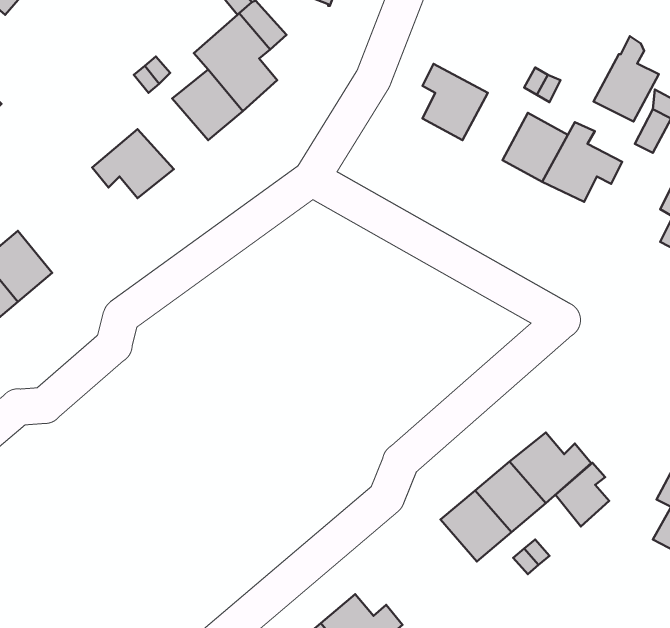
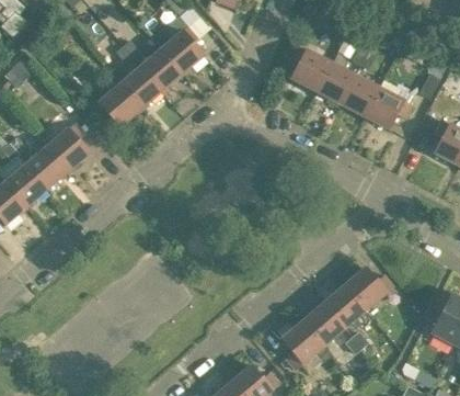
building: [593,36,659,121] -> [315,52,355,103]
building: none -> [112,66,162,109]
building: none -> [47,122,89,171]
building: [556,463,609,527] -> none
building: none -> [281,320,332,370]

